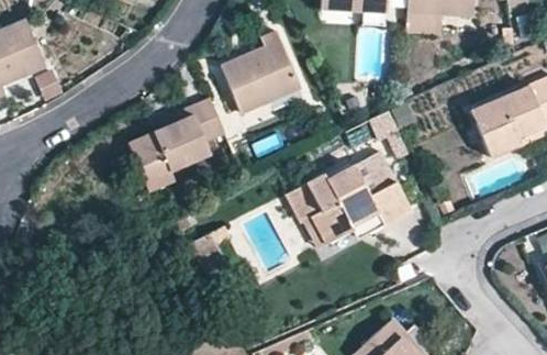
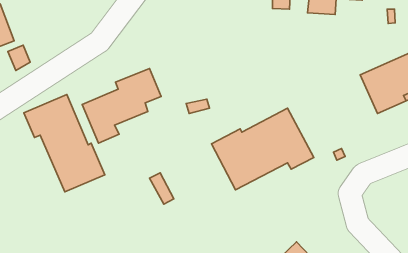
building: [220,34,299,114] -> none
building: none -> [24,95,105,192]

